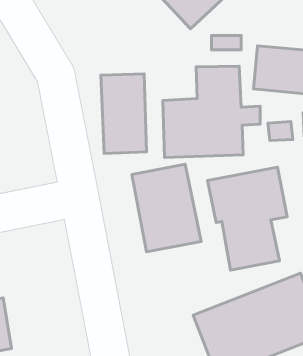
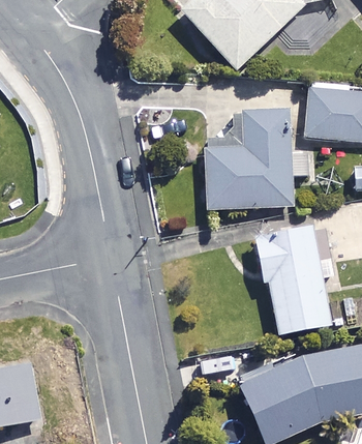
building: [101,74,147,153] -> none
building: [132,164,201,252] -> none

